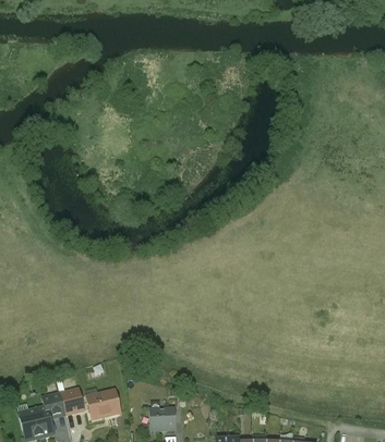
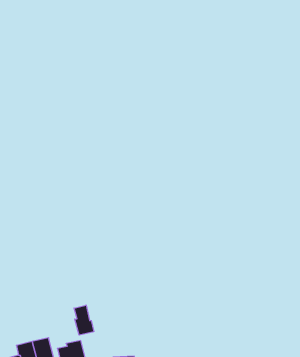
building: none -> [74,305,94,335]

